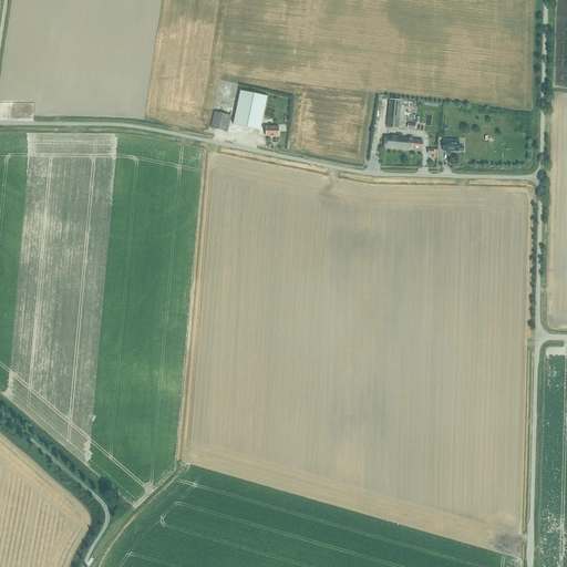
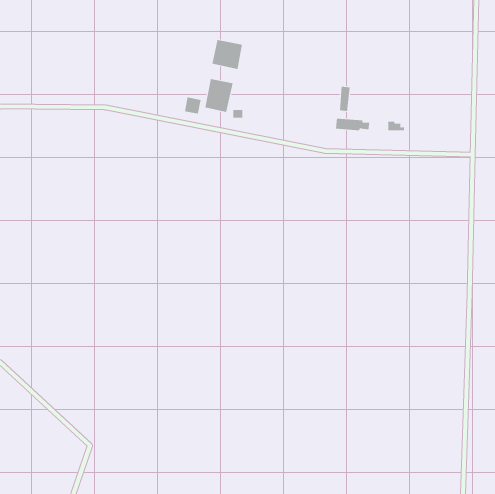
building: none -> [212,39,242,70]

